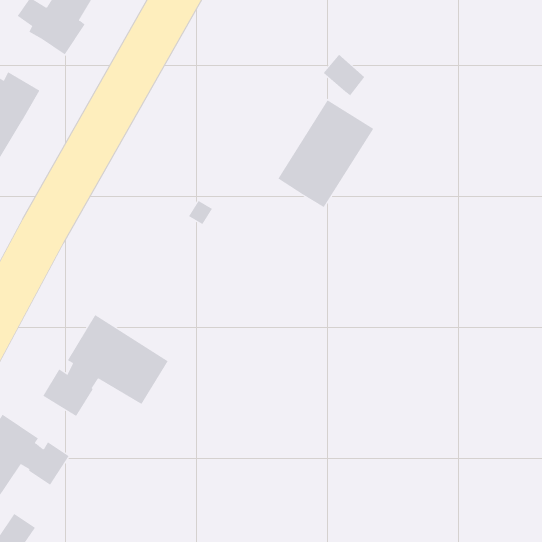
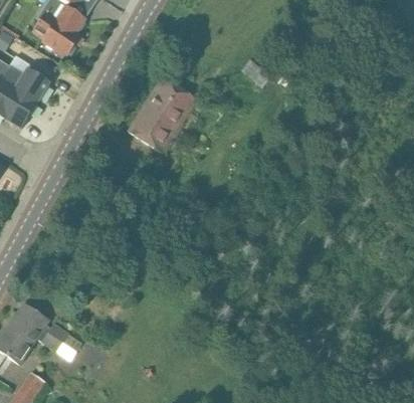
building: [277,100,374,208] -> [128,76,194,151]
building: [42,314,168,417] -> none

